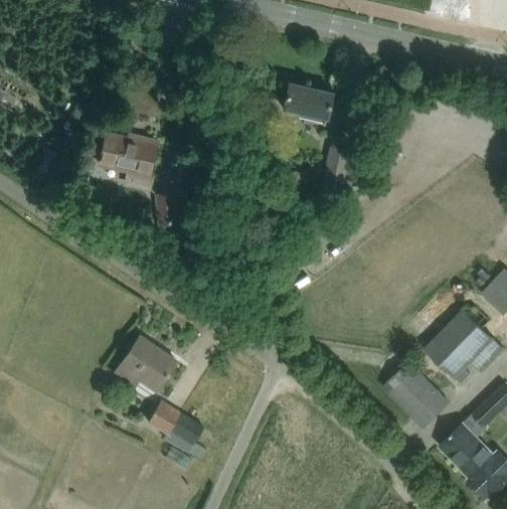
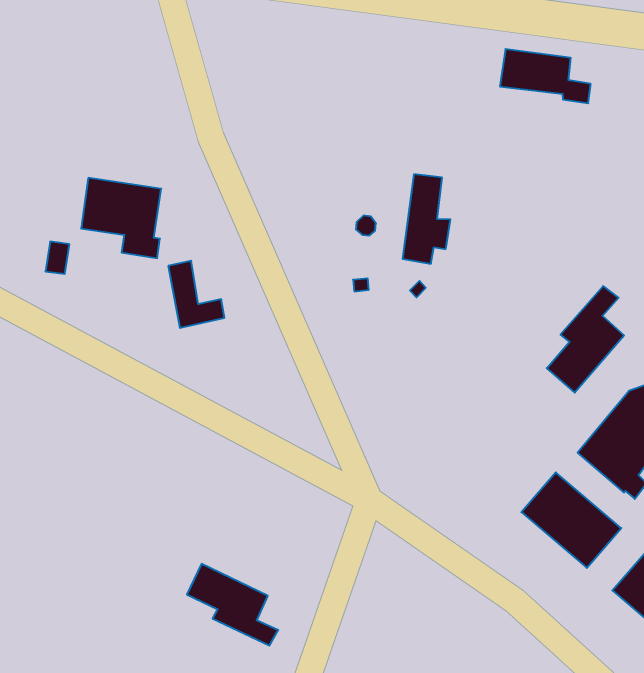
building: [282,82,344,125] -> [500,49,591,103]
building: none -> [547,286,624,393]
building: [114,335,176,390] -> none

